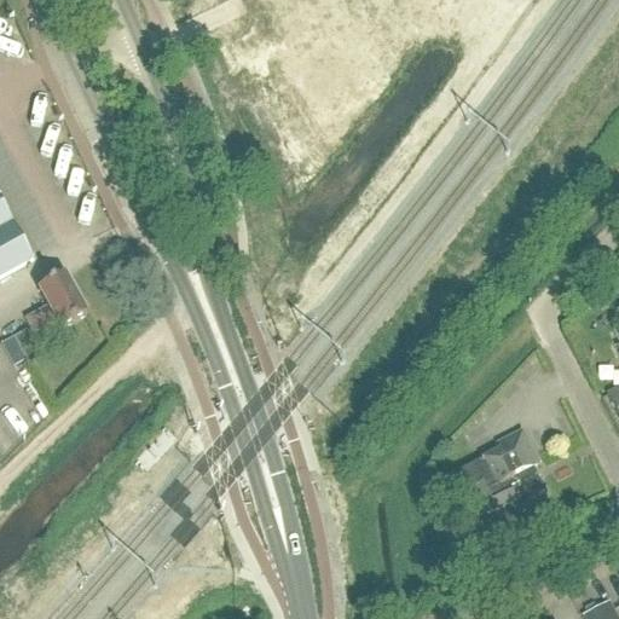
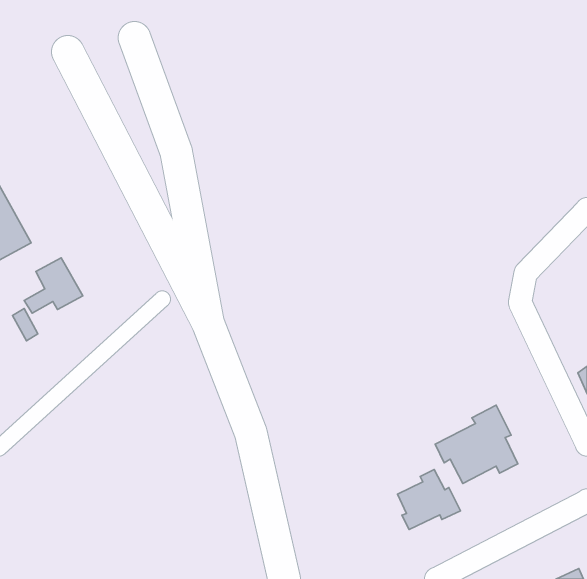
building: none -> [397,470,460,530]

